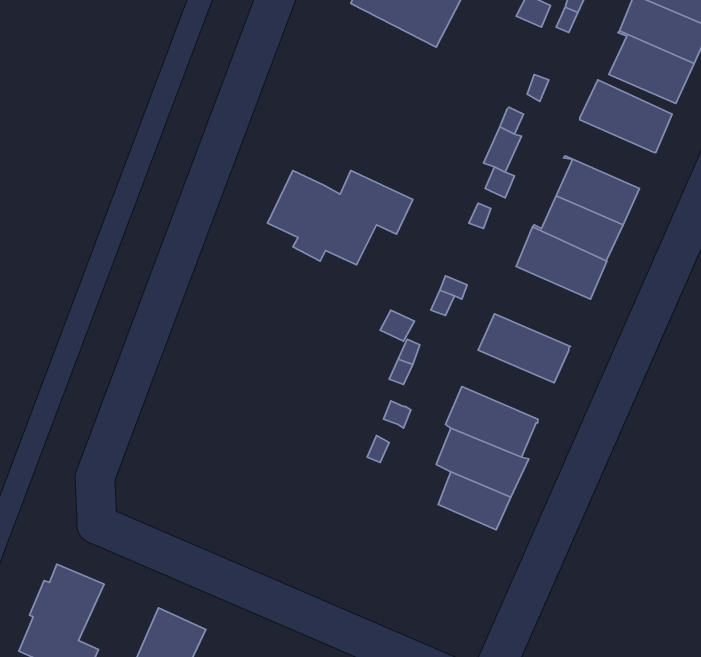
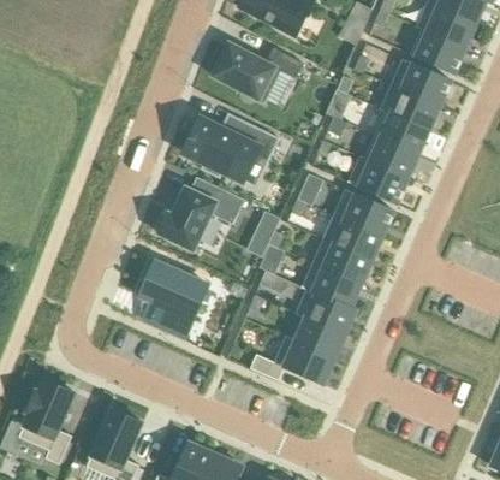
building: none -> [212,43,302,101]
building: none -> [380,84,439,130]
building: none -> [157,182,244,249]
building: none -> [333,189,393,235]
building: none -> [311,237,373,283]
building: none -> [139,261,208,334]
building: none -> [249,334,334,384]

